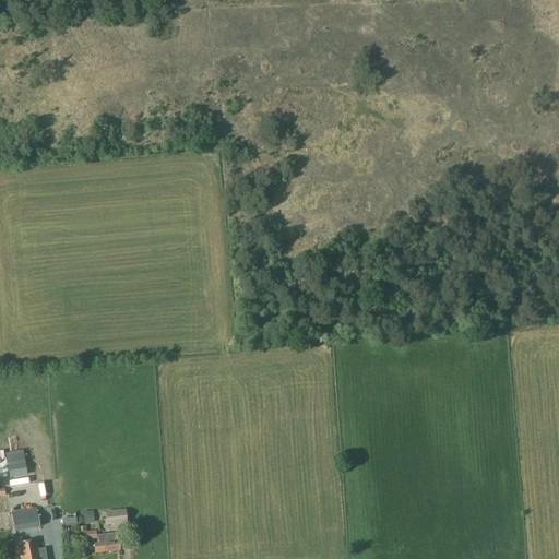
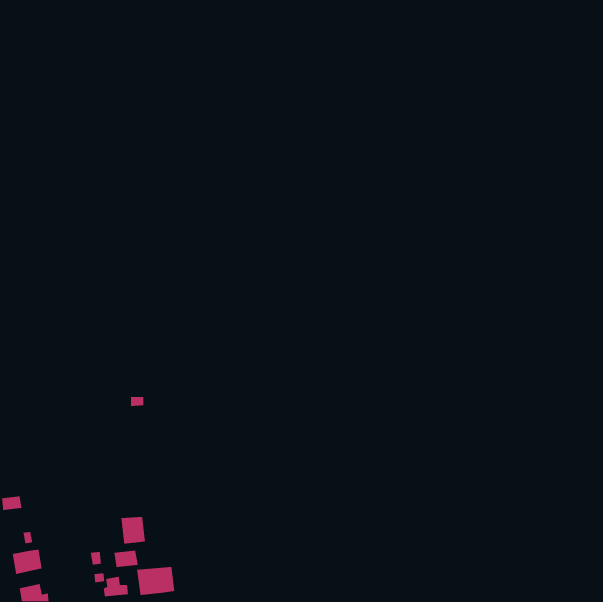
building: none -> [120,516,146,545]
building: none -> [136,566,175,596]

